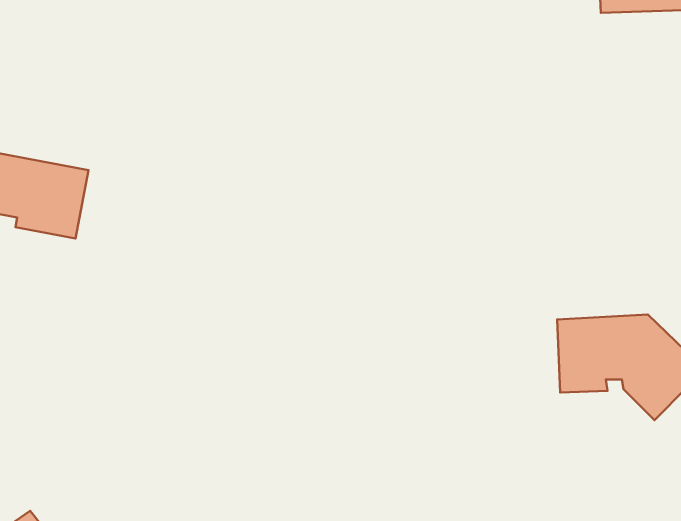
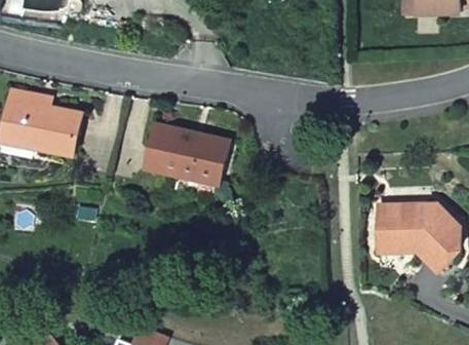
building: none -> [146,124,228,184]

